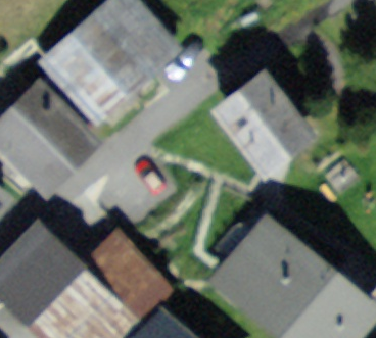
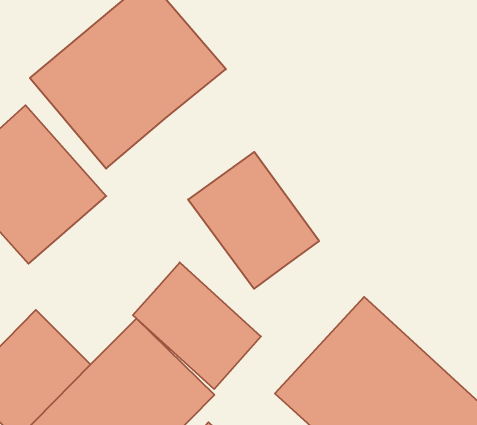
building: [209,71,302,168] -> [188,152,319,289]
building: none -> [133,262,261,389]

